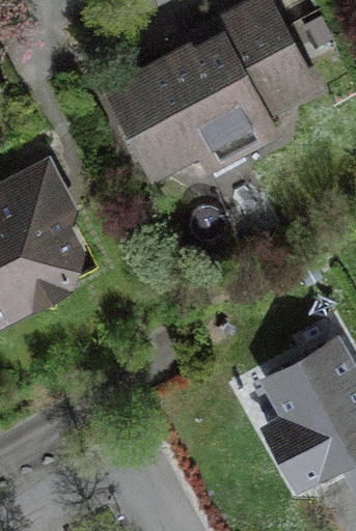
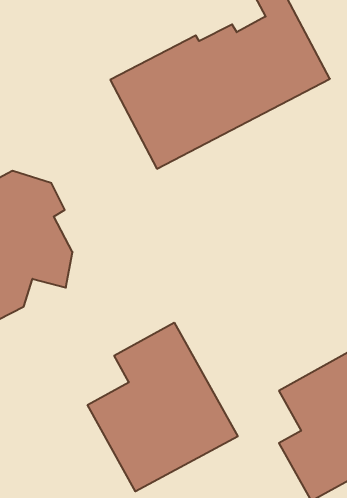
building: none -> [88,323,238,491]

